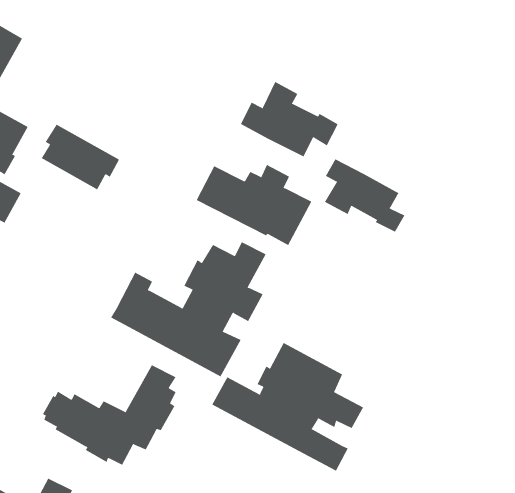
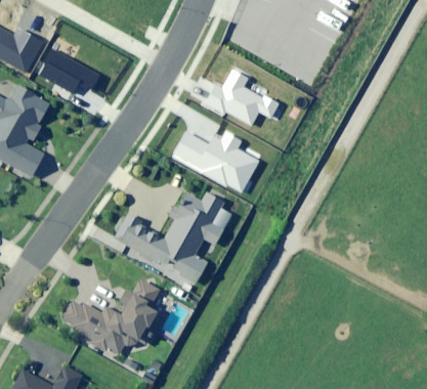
building: [41,124,120,190] -> [41,49,99,98]
building: [324,159,405,232] -> none
building: [212,342,364,472] -> none

